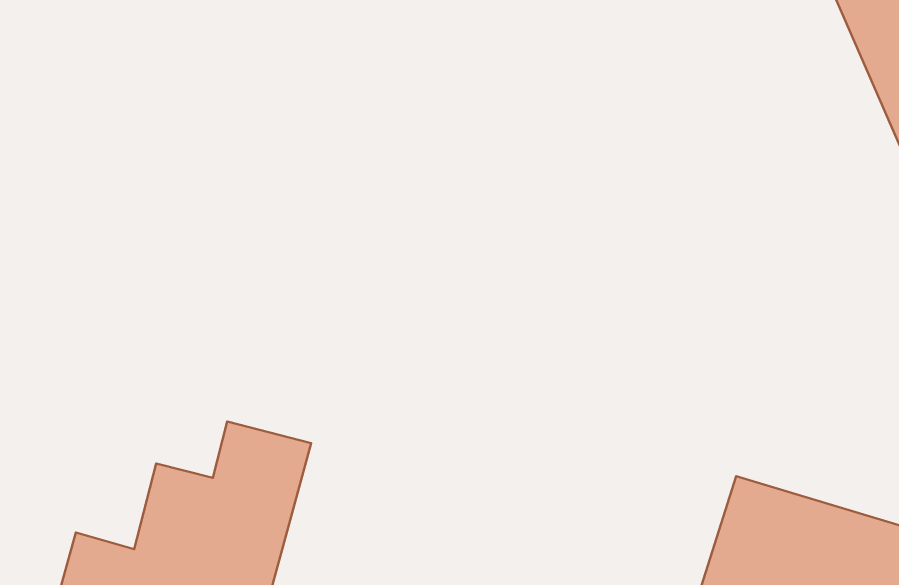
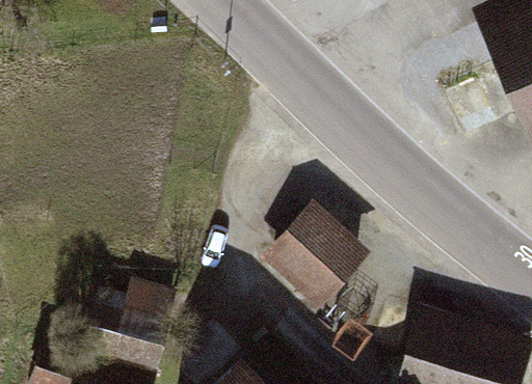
building: none -> [269,203,370,304]

